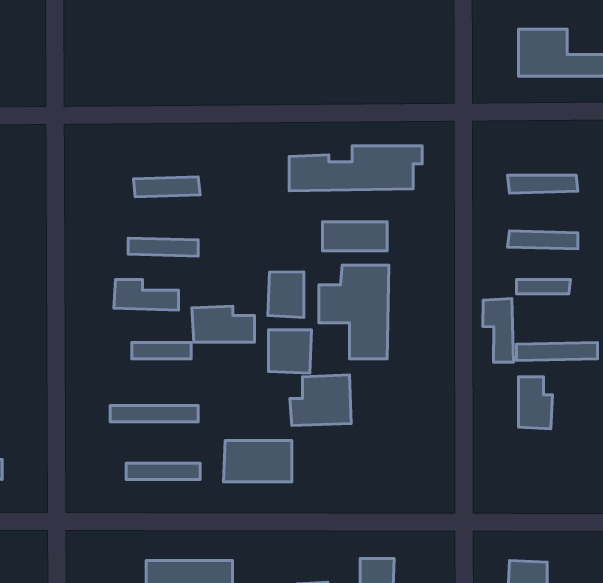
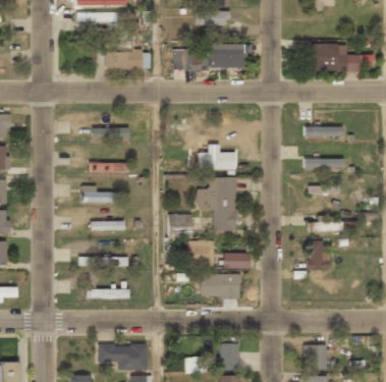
building: none -> [106,50,150,69]
building: [289,146,422,191] -> [173,44,249,69]
building: [268,272,304,317] -> none
building: [483,298,513,362] -> none
building: [192,306,254,342] -> none
building: none -> [224,253,250,269]
building: [223,440,292,482] -> [201,274,239,297]

